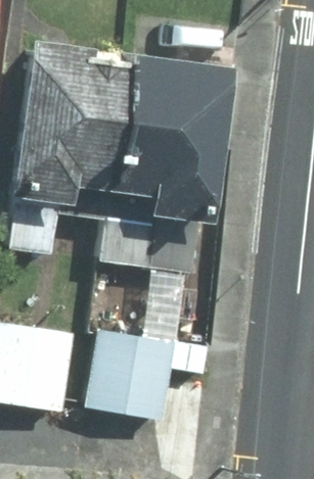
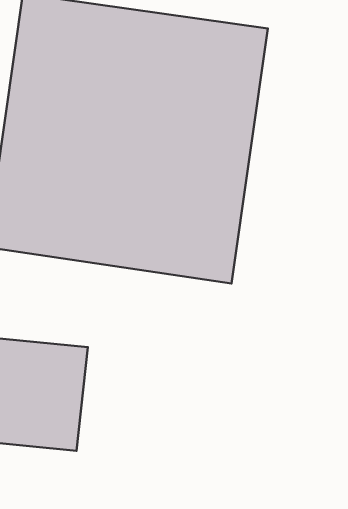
building: [84,328,172,416] -> none

